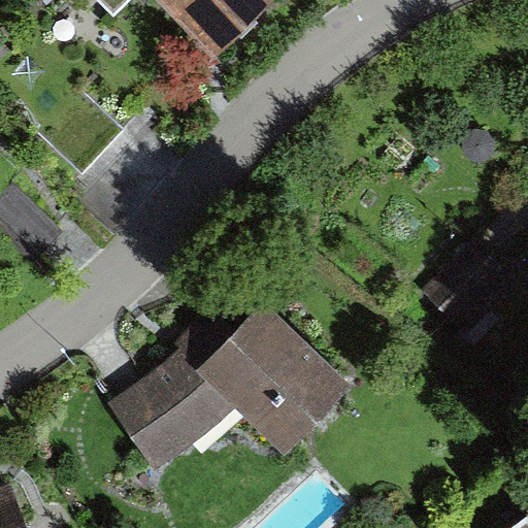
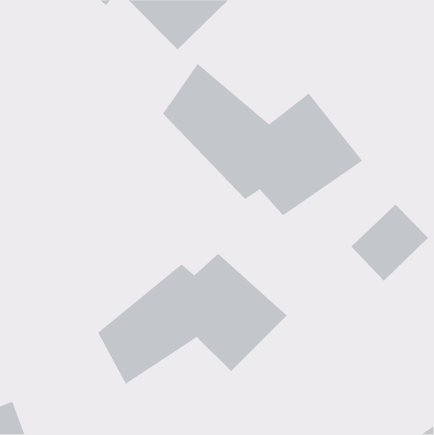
building: none -> [162,63,363,216]

